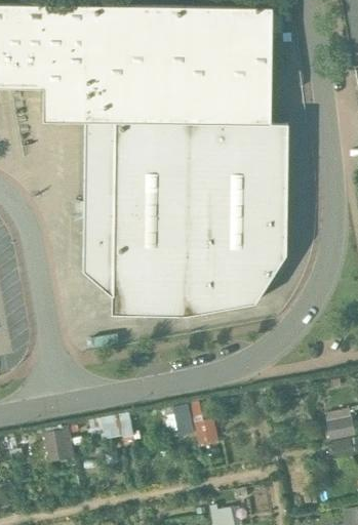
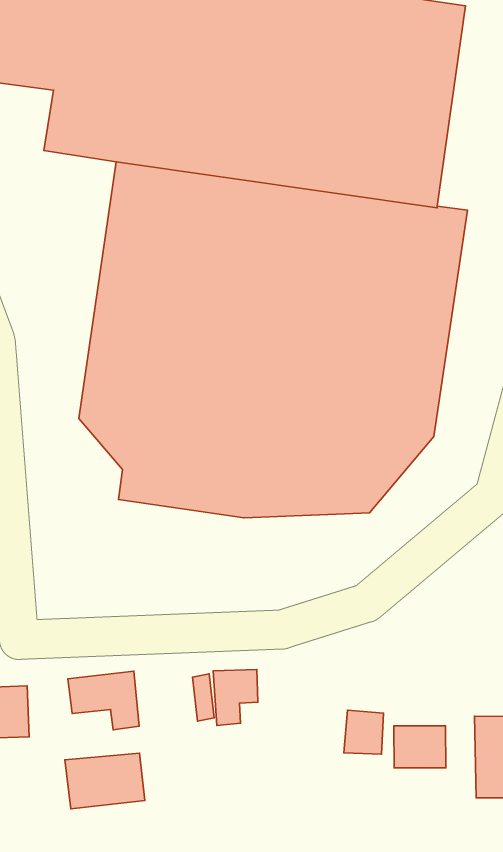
building: none -> [394,726,446,768]
building: [197,420,220,446] -> [344,710,383,754]
building: none -> [65,753,145,809]

